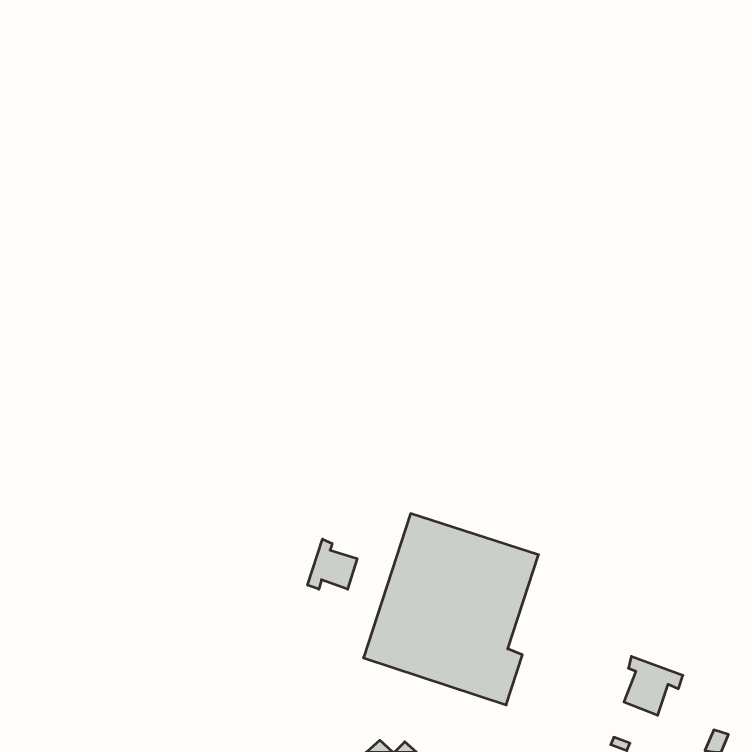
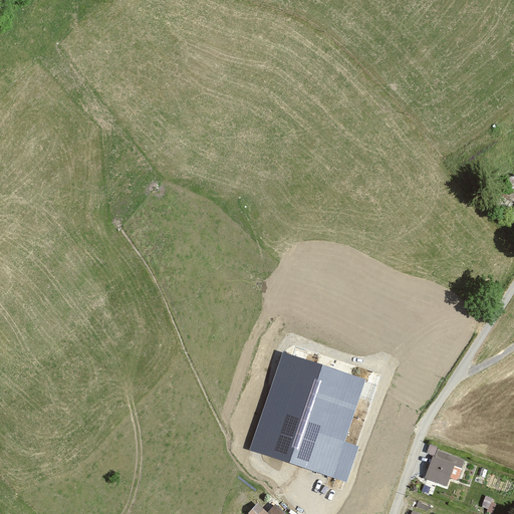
building: [308,539,357,589] -> none

